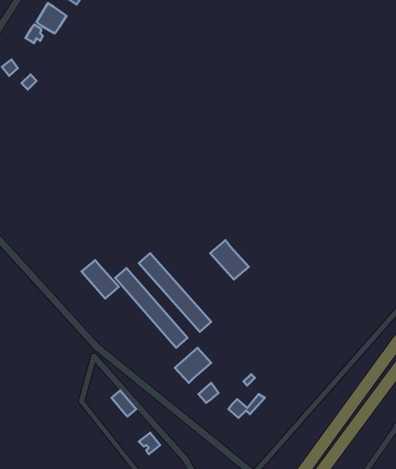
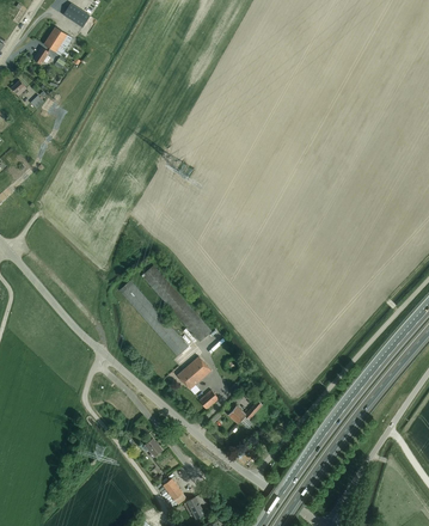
building: [210,240,249,280] -> none
building: [82,260,119,298] -> none

